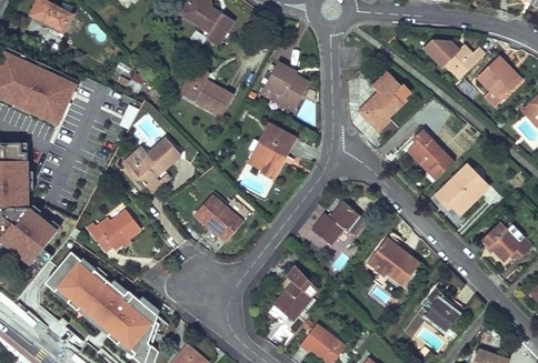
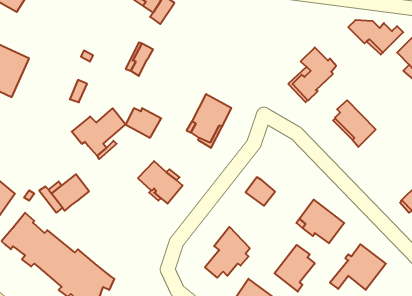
building: [259,63,308,112] -> none
building: [195,84,233,117] -> [126,108,161,138]
building: [435,164,488,214] -> none
building: [329,201,366,236] -> none
building: none -> [275,245,315,292]

